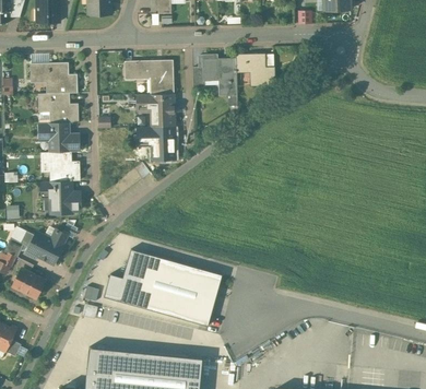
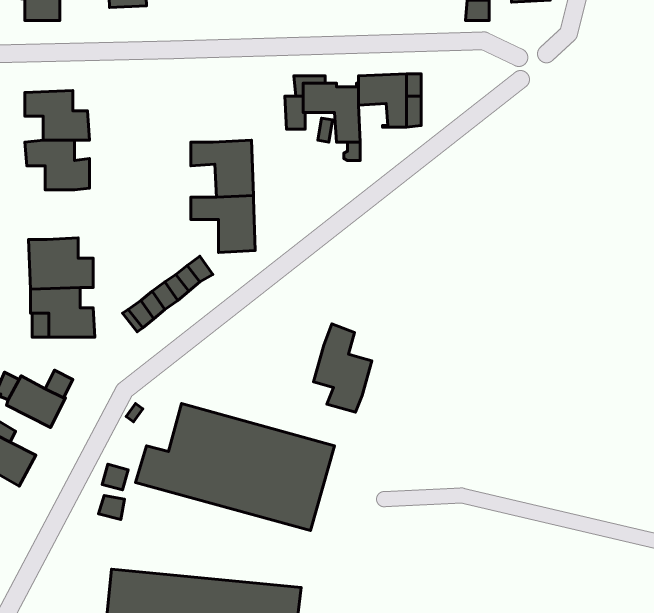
building: [125,61,173,95] -> none
building: [39,123,78,153] -> none
building: none -> [314,324,372,412]

